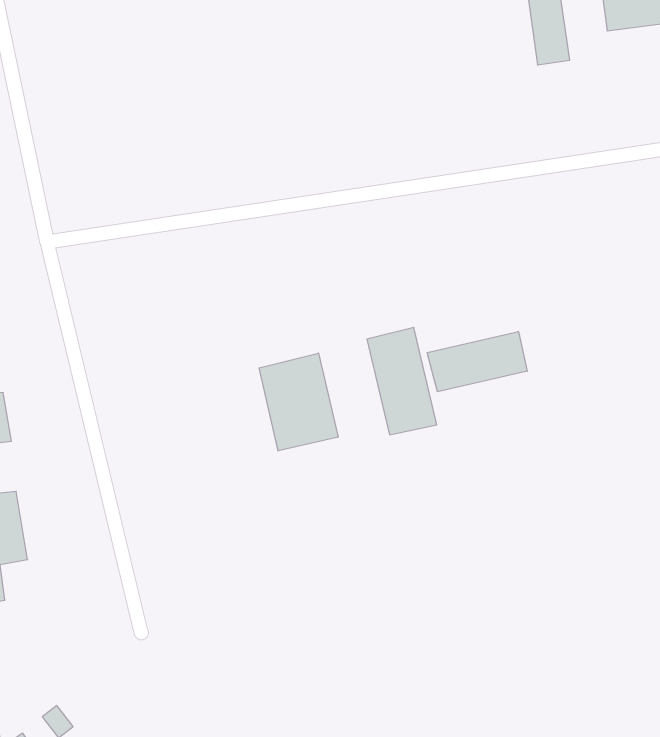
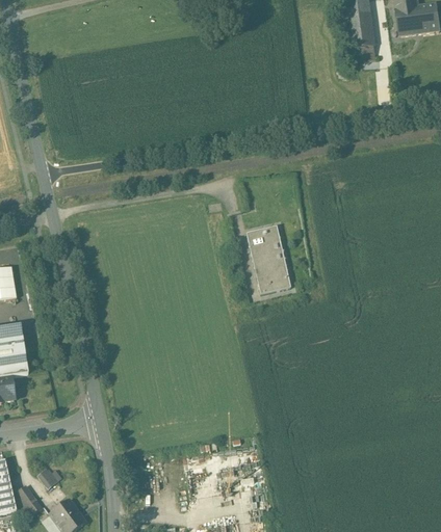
building: [427,331,527,392] -> none
building: [259,353,338,451] -> none

